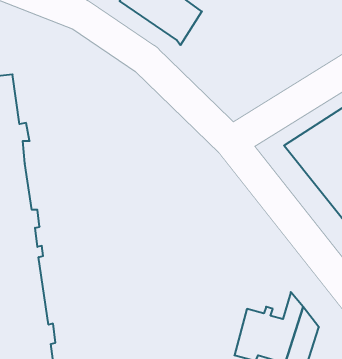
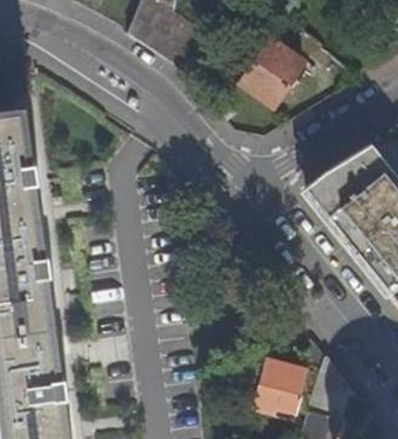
building: none -> [238,40,301,106]

